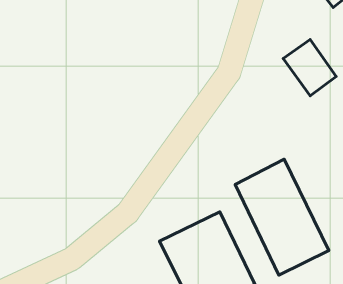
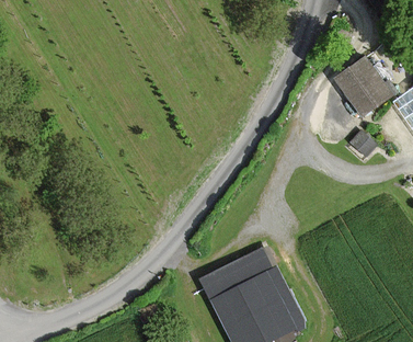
building: [235,159,329,275] -> none

